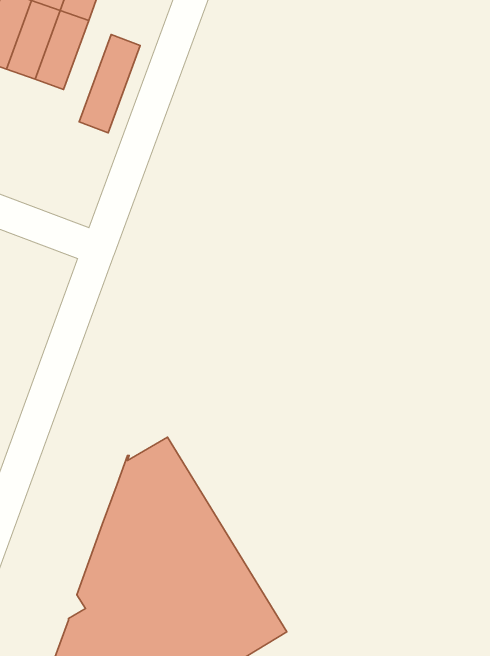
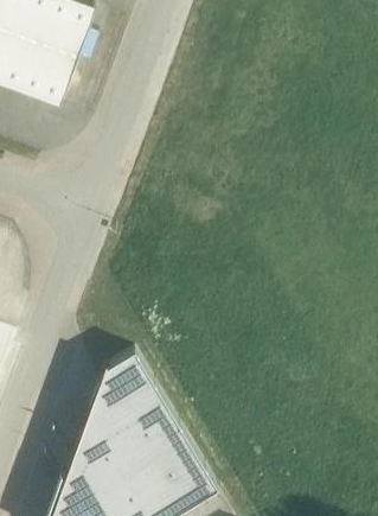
building: [79,35,140,133] -> none

